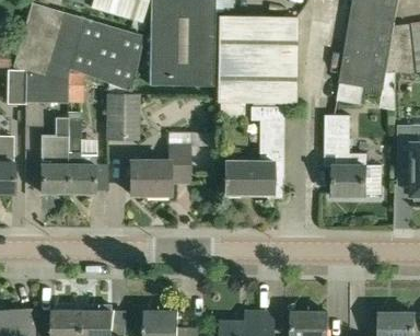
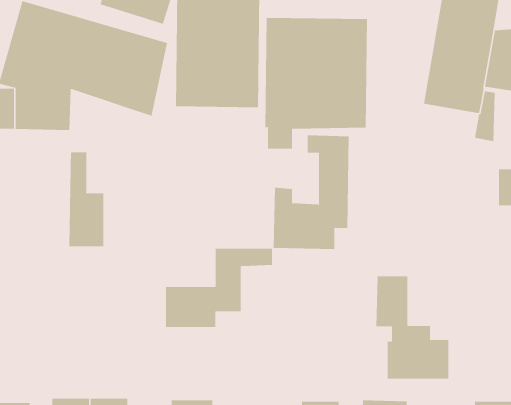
building: [106,94,137,139] -> none
building: [324,115,381,195] -> [376,276,449,379]
building: [39,117,67,193] -> none
building: [129,131,212,193] -> [165,248,273,327]

